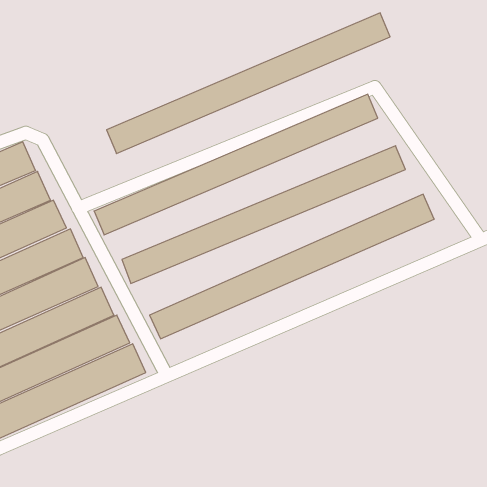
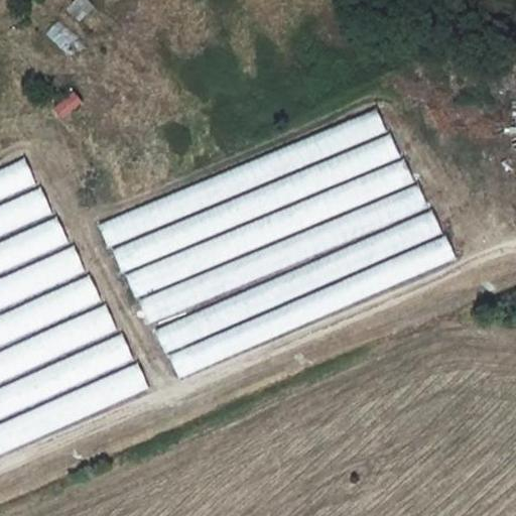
building: [107,13,390,154] -> [111,132,399,275]
building: none -> [138,184,426,325]
building: none -> [166,236,456,381]

